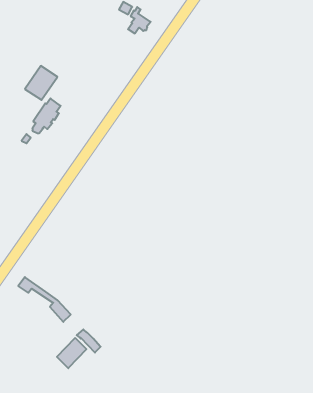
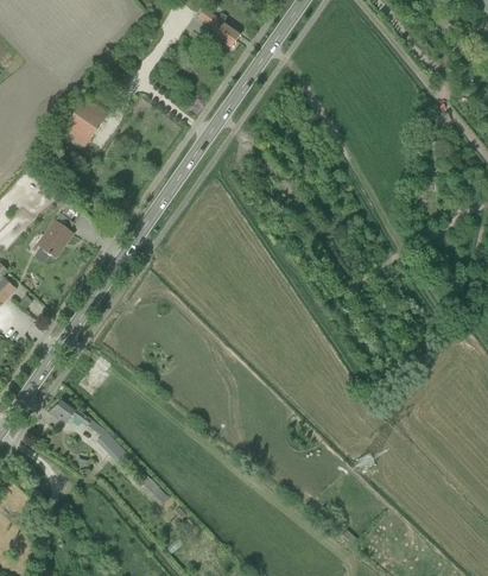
building: [32,98,61,133] -> [34,211,75,261]
building: [57,338,86,368] -> none

